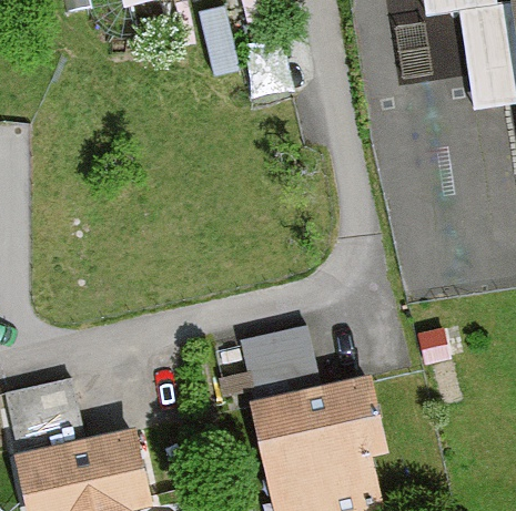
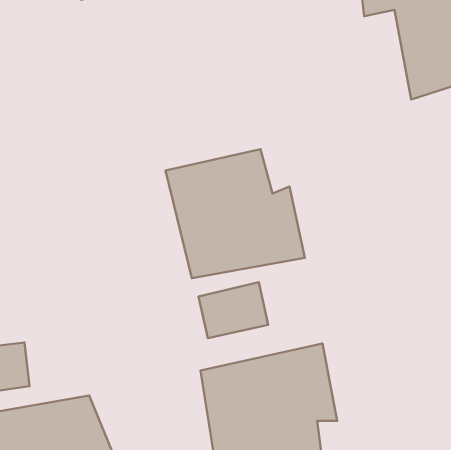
building: none -> [165,149,305,278]

